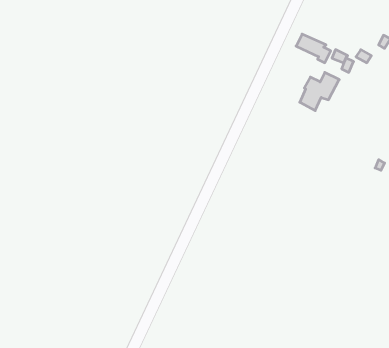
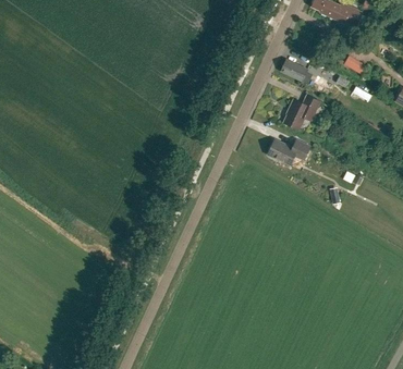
building: none -> [268,139,310,164]

